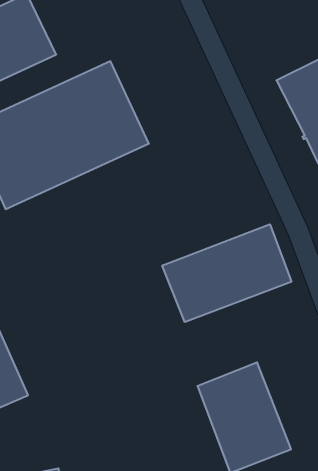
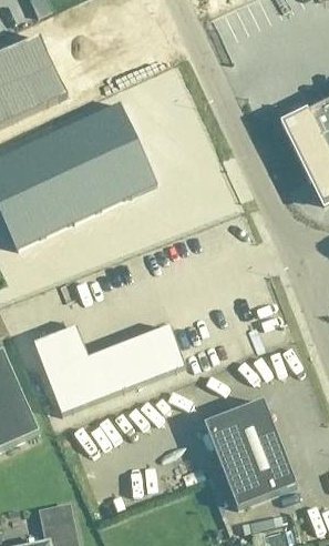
building: [162,224,291,322] -> none
building: none -> [33,323,185,413]

